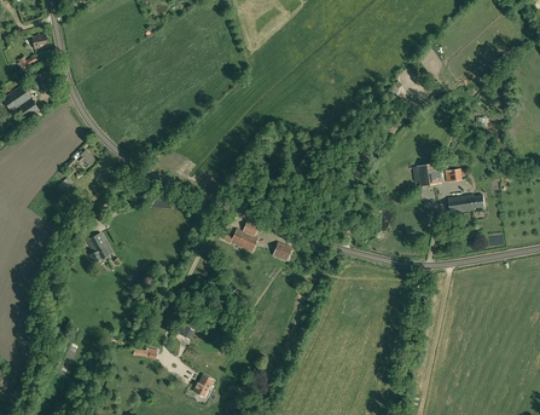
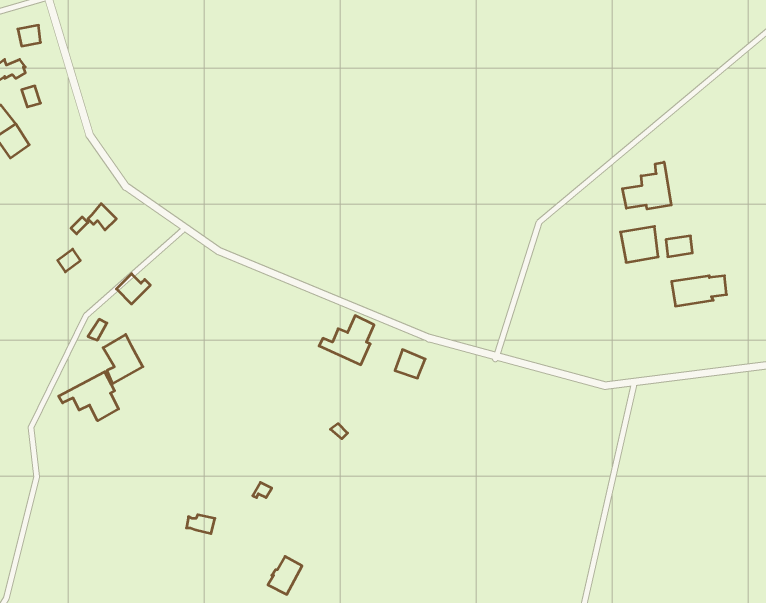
building: none -> [622,162,671,209]
building: none -> [59,372,119,421]

